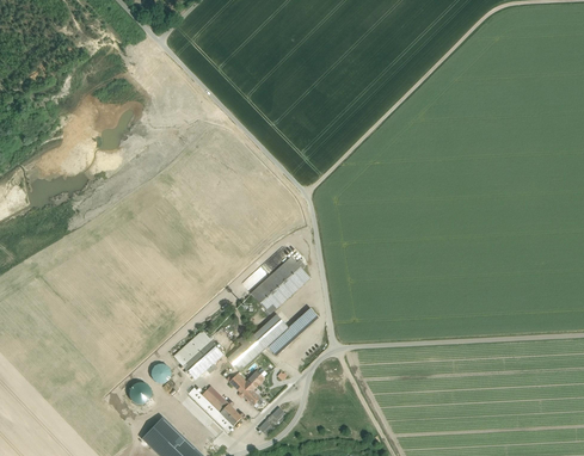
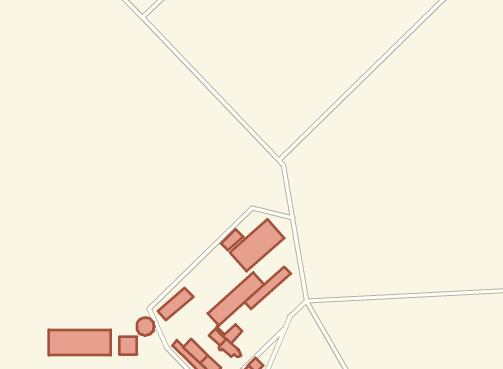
building: [182,340,223,380] -> none
building: none -> [49,330,111,355]

